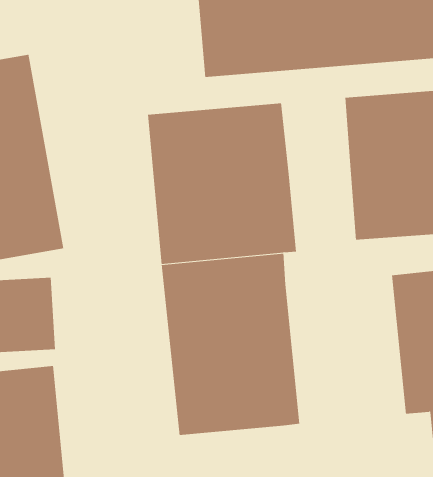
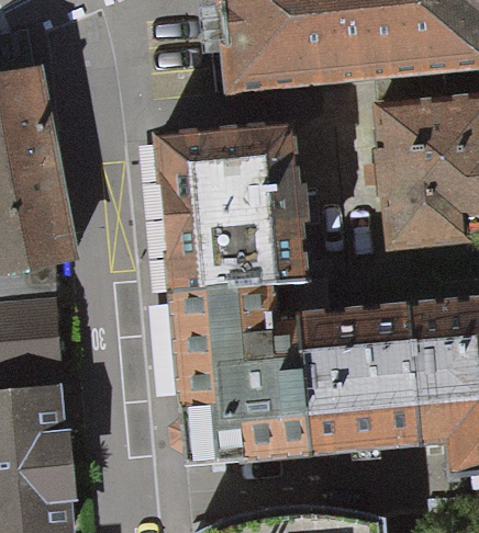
building: none -> [303,297,426,451]

